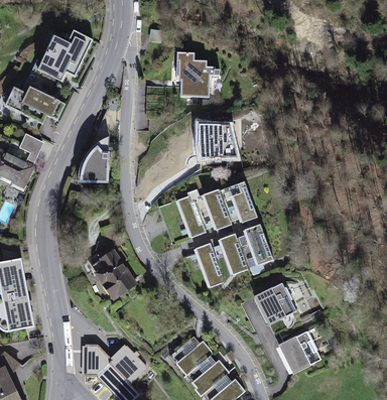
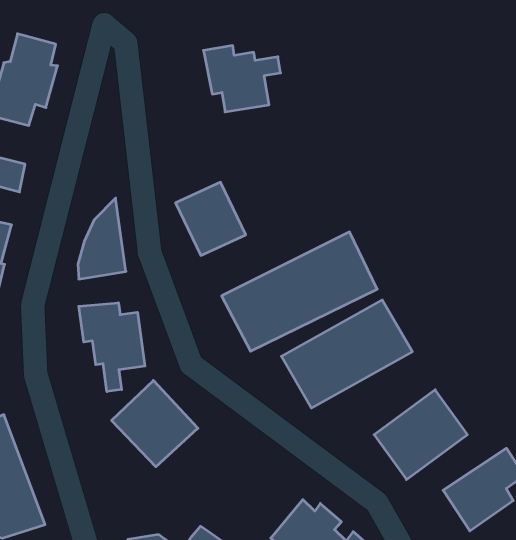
building: [197,116,236,158] -> [176,182,246,255]
building: none -> [79,303,145,392]

